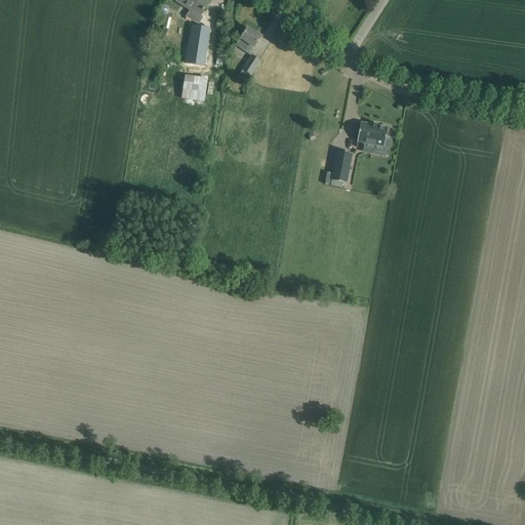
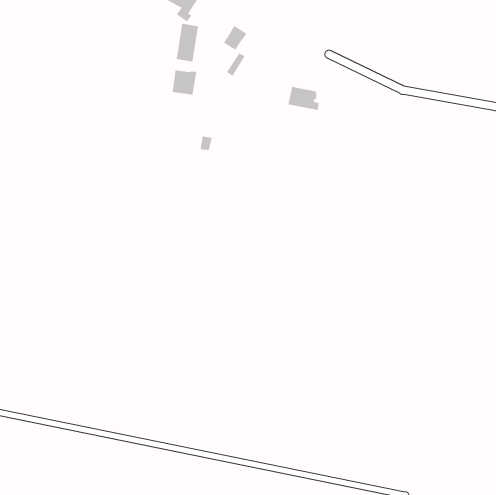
building: [357,121,391,147] -> [288,86,320,110]
building: [331,150,353,183] -> none

